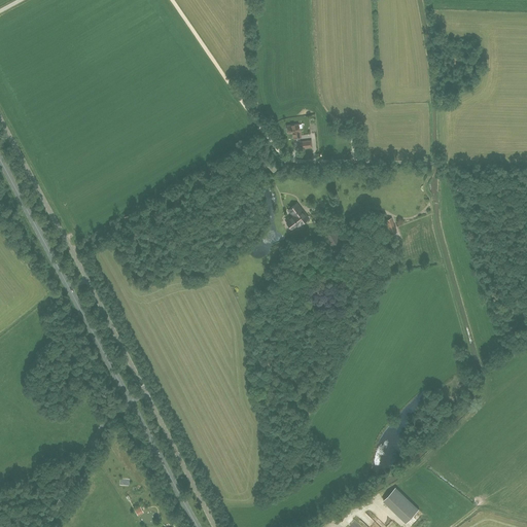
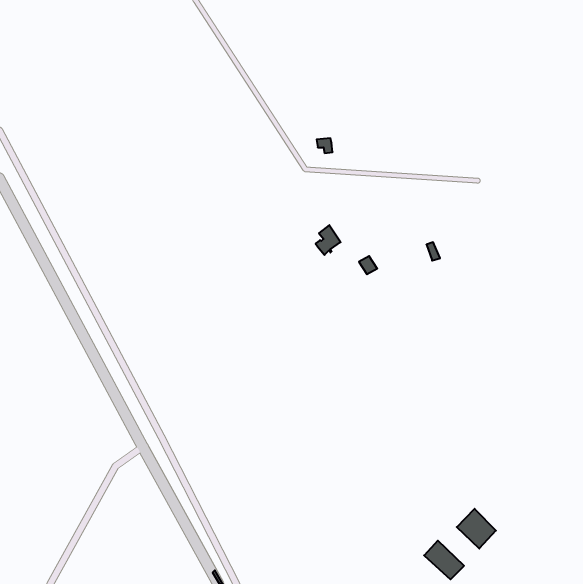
building: none -> [457,509,496,549]

